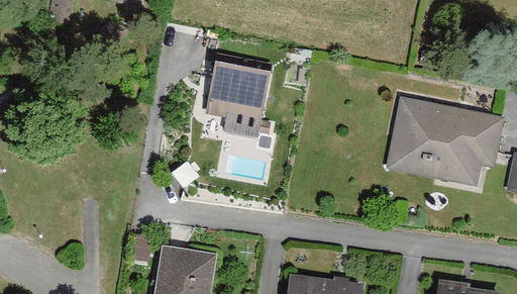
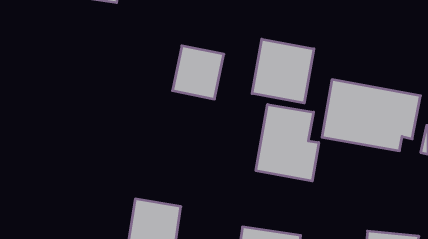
building: none -> [252,39,314,103]
building: none -> [256,104,319,181]

